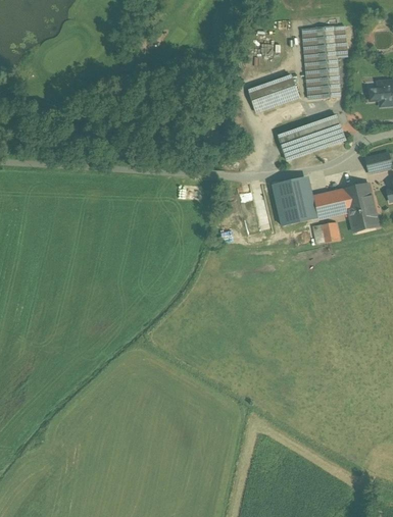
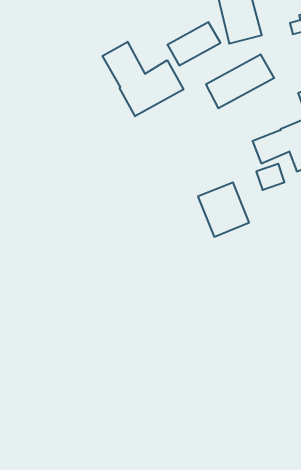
building: none -> [102,42,183,116]
building: [273,175,317,224] -> [198,182,249,237]

